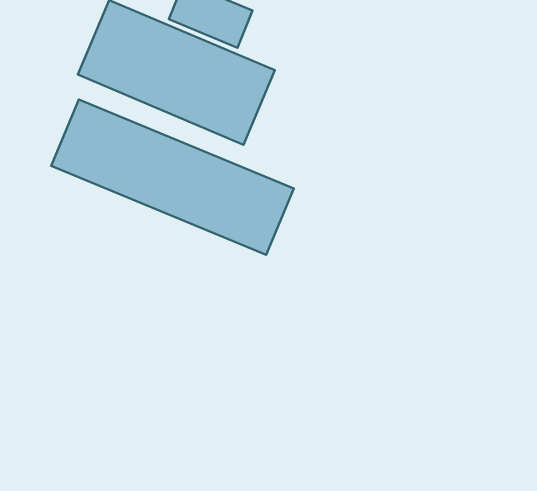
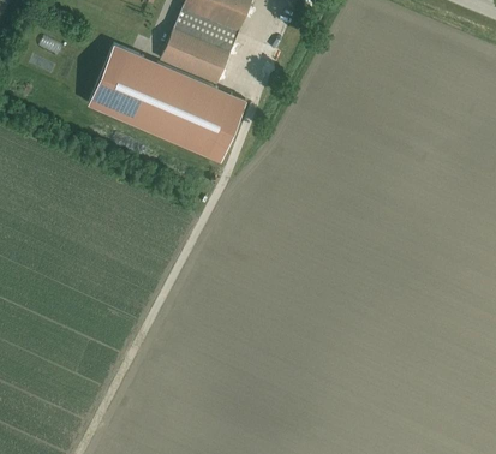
building: [51,100,294,255] -> none

